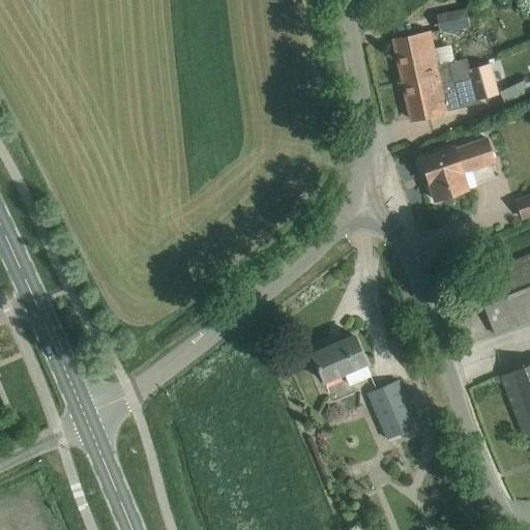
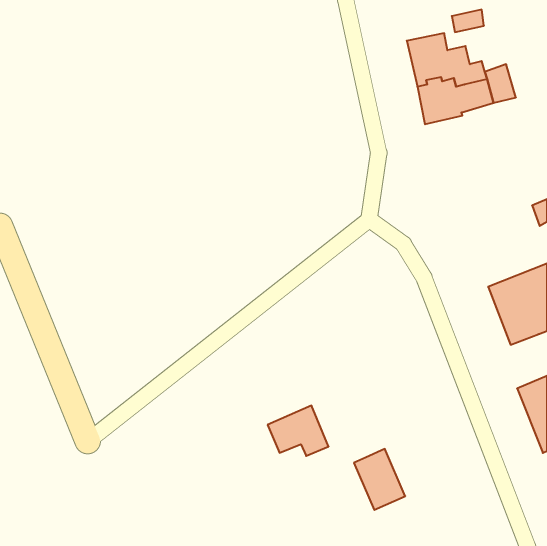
building: [420,139,494,201] -> none
building: [312,336,371,385] -> [268,406,329,456]
building: [367,381,417,440] -> [354,449,405,510]

